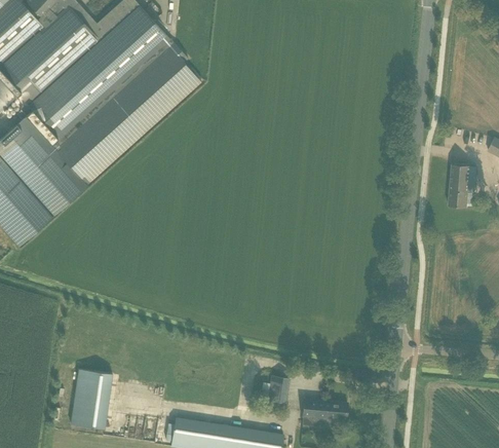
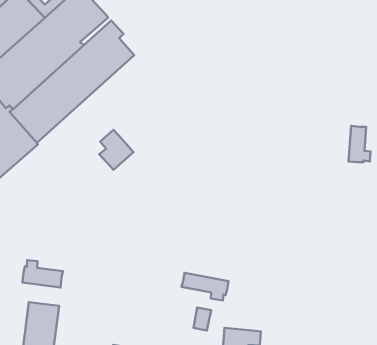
building: none -> [99,130,134,170]
building: none -> [23,260,63,287]
building: none -> [182,273,228,301]

